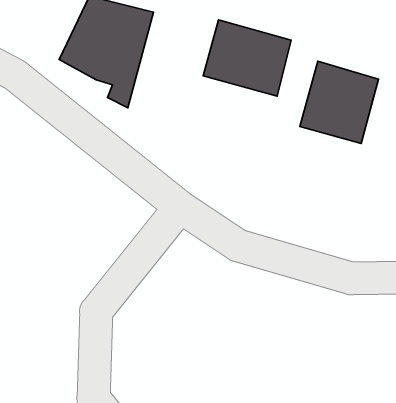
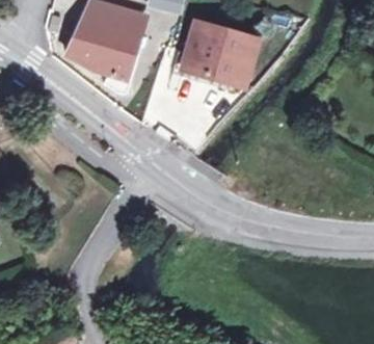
building: [300,61,378,143] -> none

